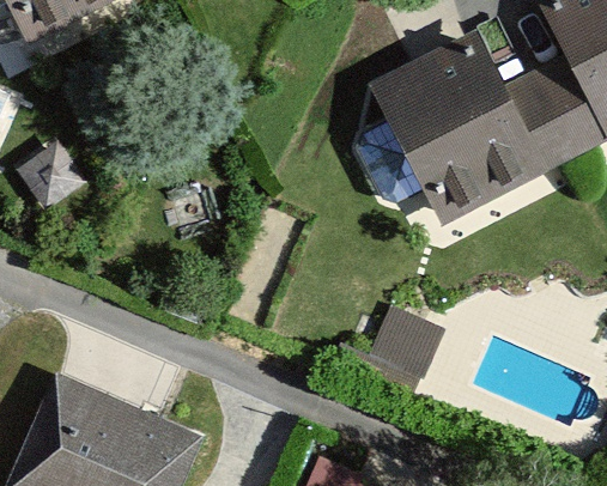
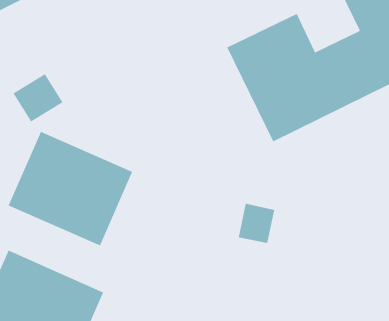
building: none -> [7,131,133,246]

